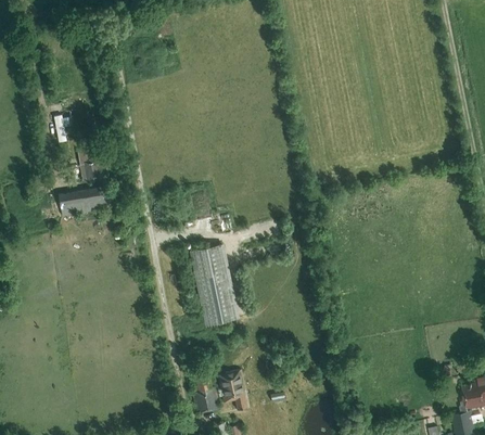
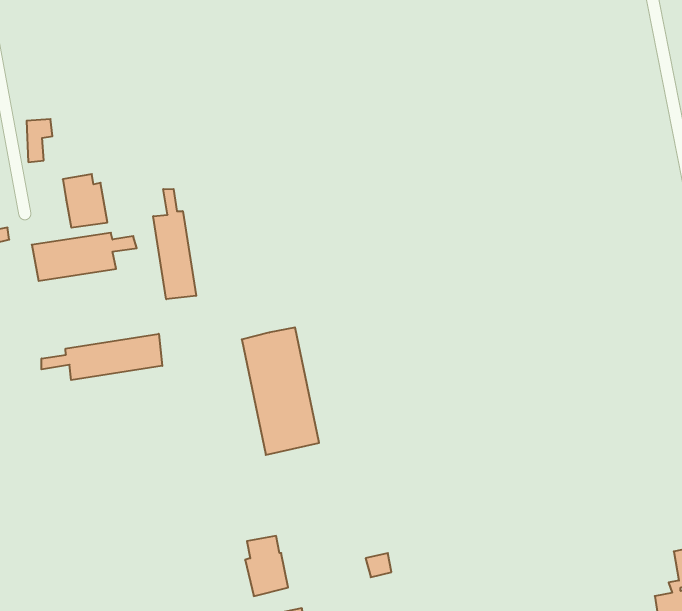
building: none -> [153,189,196,299]
building: none -> [41,334,162,380]
building: [217,371,246,410] -> none

